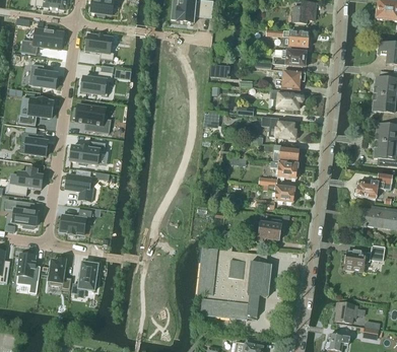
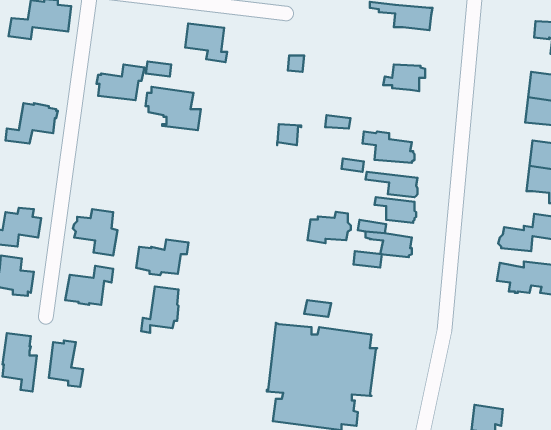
building: [85,33,114,60] -> [185,23,227,62]
building: [273,50,307,66] -> none
building: [28,64,57,88] -> none
building: [271,93,303,110] -> none
building: [73,103,111,133] -> [146,87,201,130]
building: [19,126,48,156] -> none
building: [69,141,105,165] -> [136,239,188,275]
building: [252,219,281,240] -> [307,212,351,243]
building: [343,245,383,270] -> none
building: [72,262,97,293] -> [141,286,179,333]

